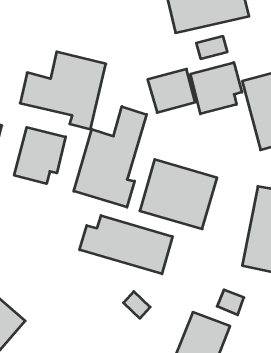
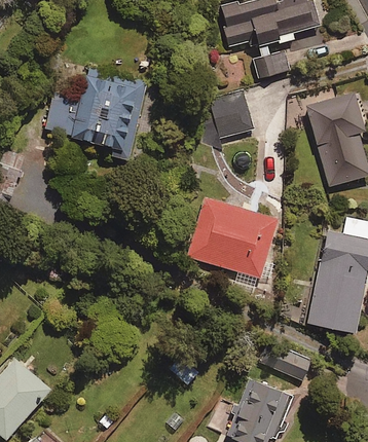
building: [191,62,242,114] -> none
building: [74,106,147,207] -> none
building: [14,127,66,184] -> none
building: [80,215,172,274] -> none

